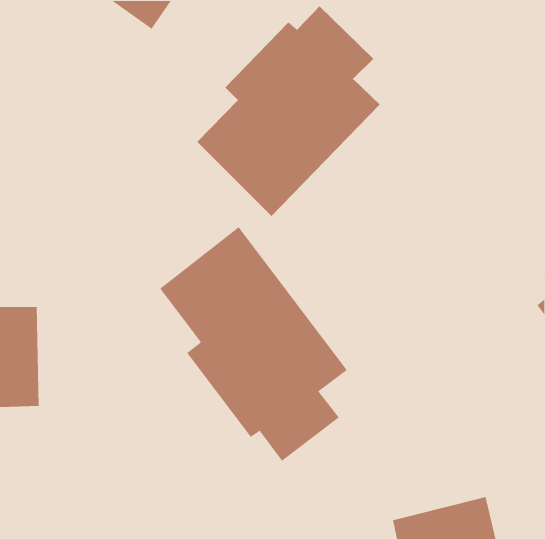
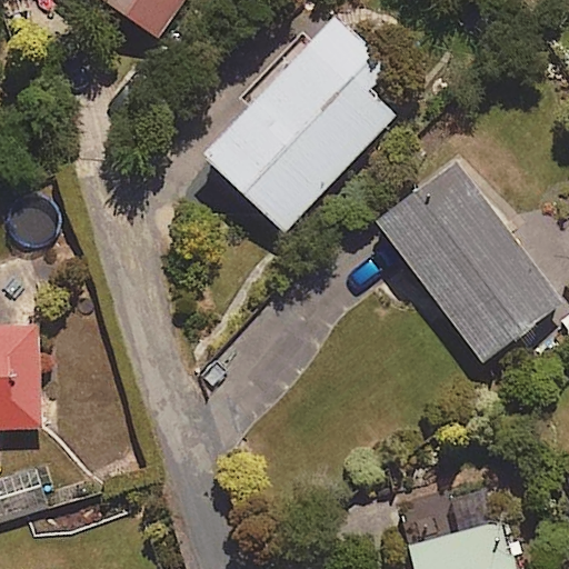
building: none -> [377,161,562,361]
building: [159,226,348,462] -> none

